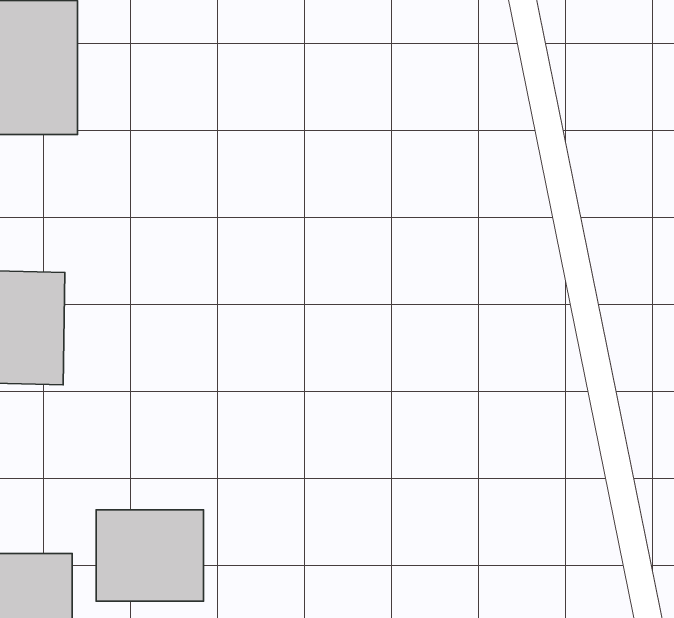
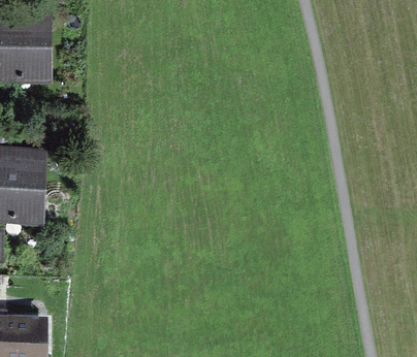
building: [96,510,204,601] -> none

